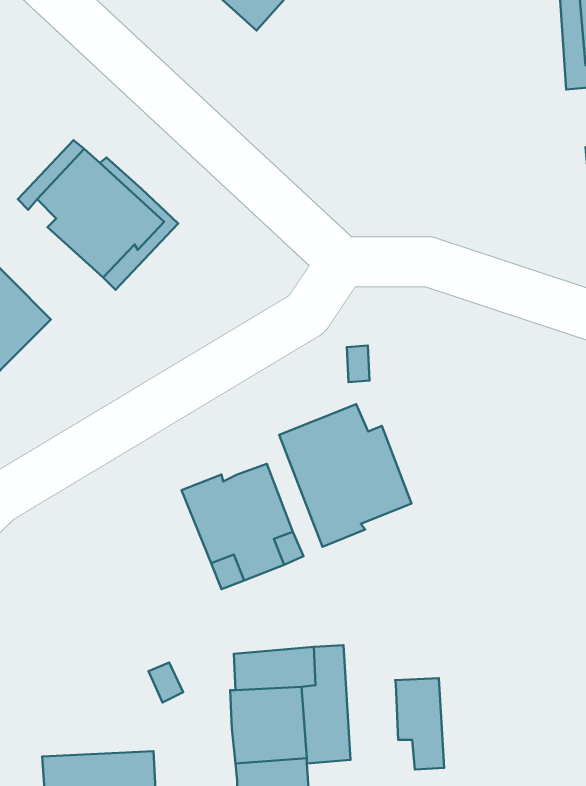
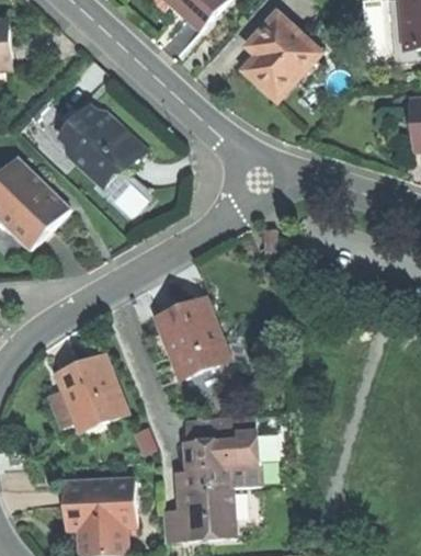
building: none -> [237,18,315,107]
building: [279,404,411,547] -> none
building: none -> [57,360,124,429]
building: [395,678,444,770] -> none

